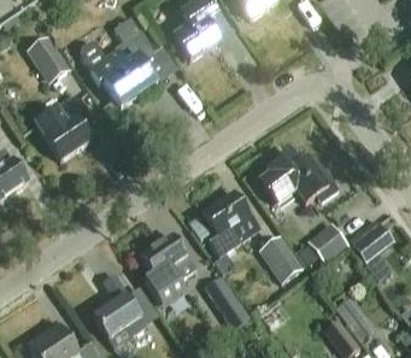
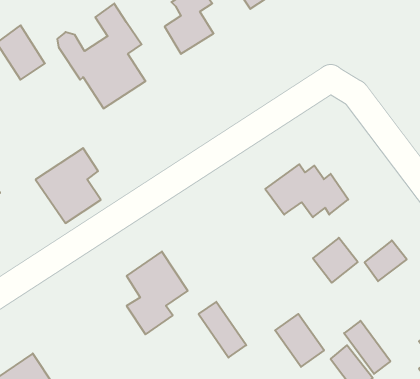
building: [36,94,94,160] -> [36,148,101,223]
building: [204,192,260,254] -> none
building: [259,235,303,282] -> [275,314,324,367]
building: [94,272,147,338] -> none

